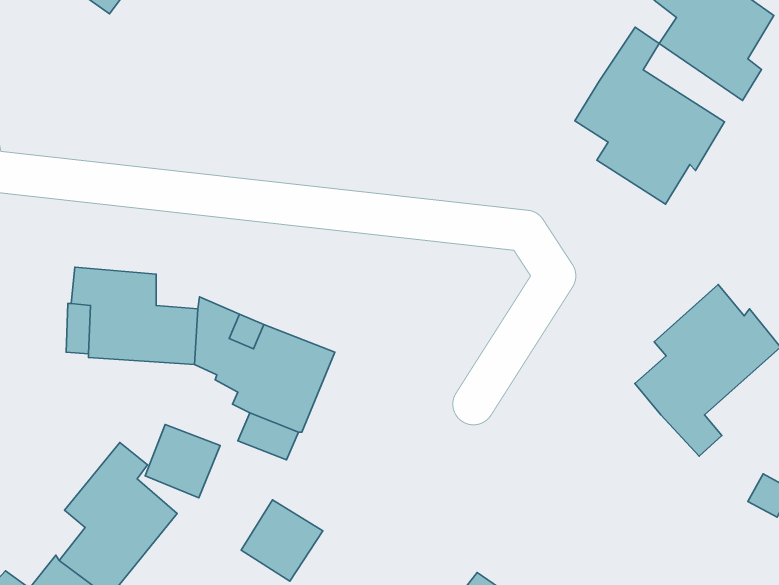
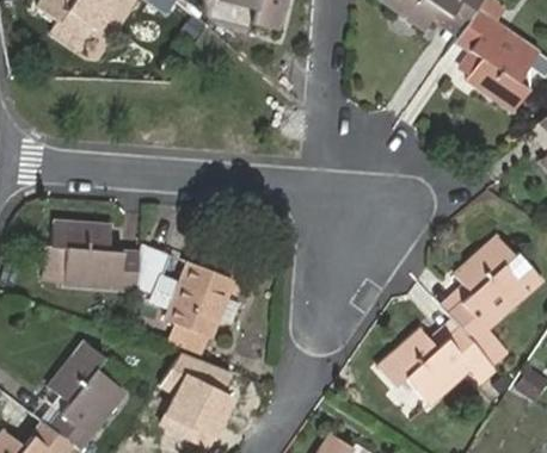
building: [575,27,725,204] -> none
building: none -> [379,325,497,404]
building: [145,425,220,498] -> none

